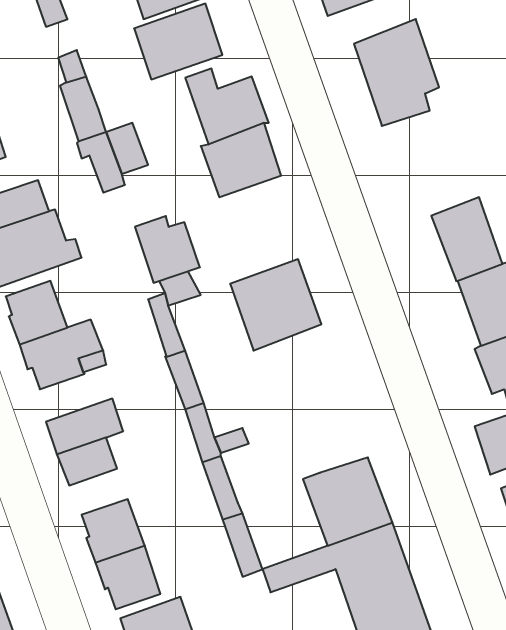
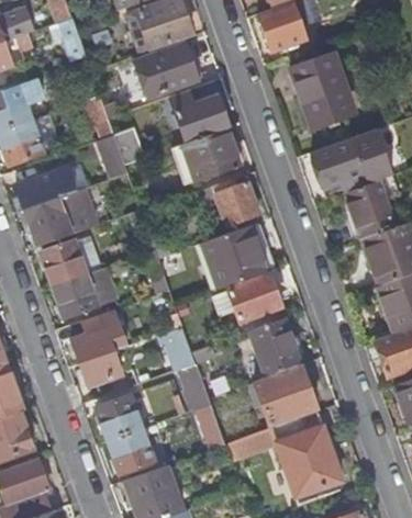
building: none -> [312,133,393,193]
building: [135,216,200,283] -> [213,178,259,225]
building: none -> [212,275,280,322]
building: none -> [249,317,300,375]

